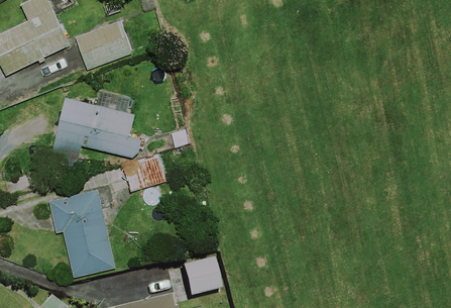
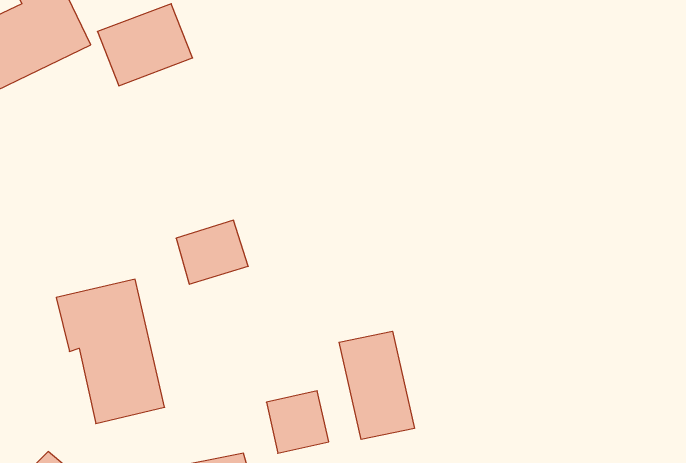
building: [52,90,141,158] -> none
building: none -> [339,331,414,439]

